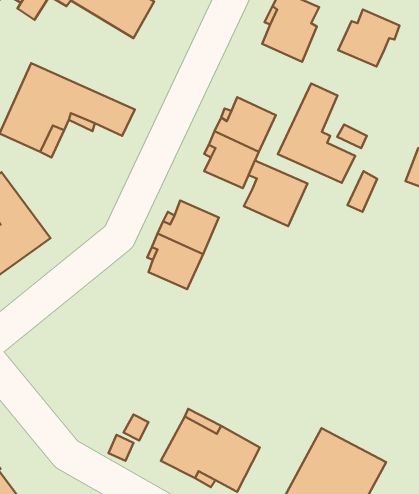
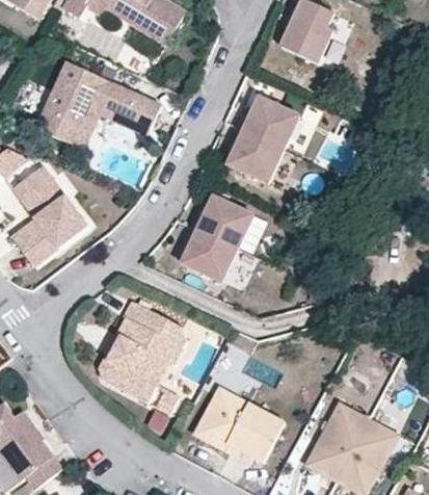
building: [338,9,400,66] -> none
building: [278,83,355,183] -> none
building: [244,160,308,226] -> none
building: none -> [102,302,187,402]

